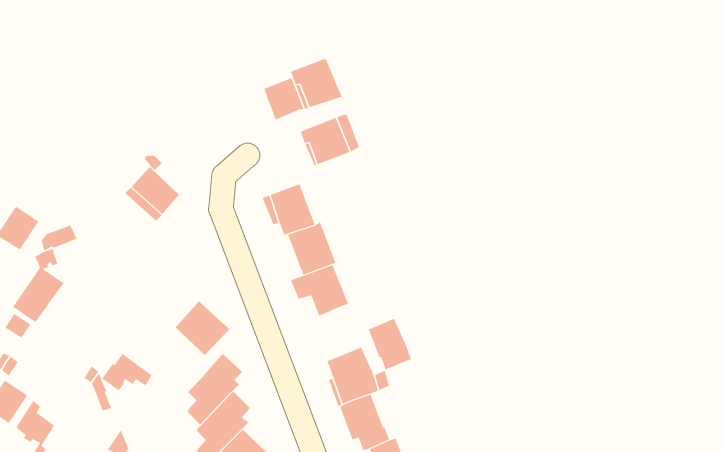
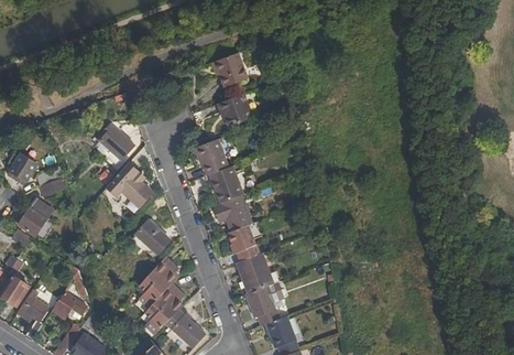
building: [263,77,304,120] -> none
building: none -> [106,161,153,212]
building: [368,318,412,370] -> [228,224,259,260]
building: [102,353,152,391] -> [51,291,86,318]

